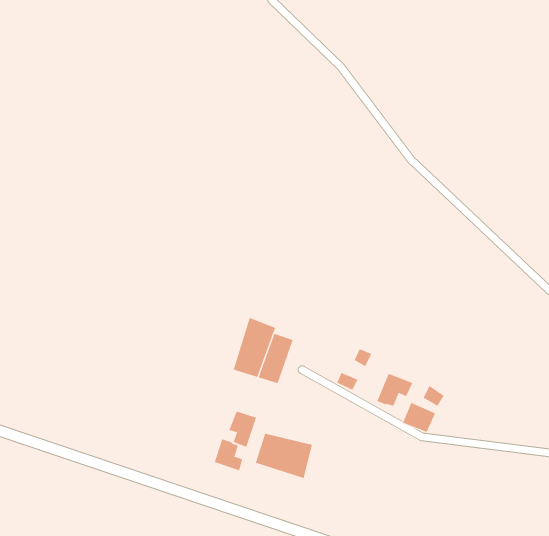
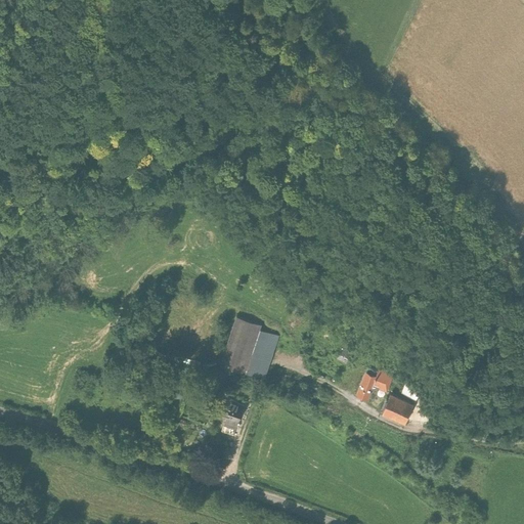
building: [255,433,313,479] -> none
building: [214,438,243,471] -> none

